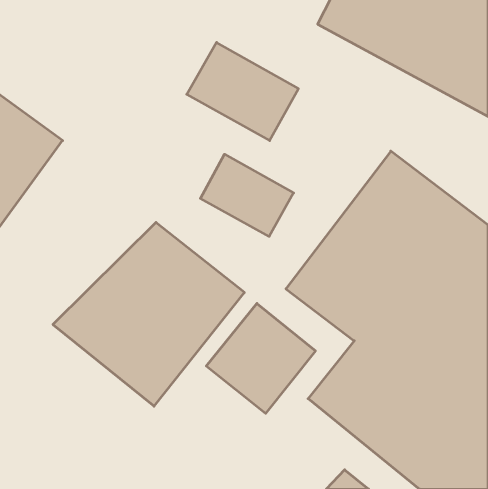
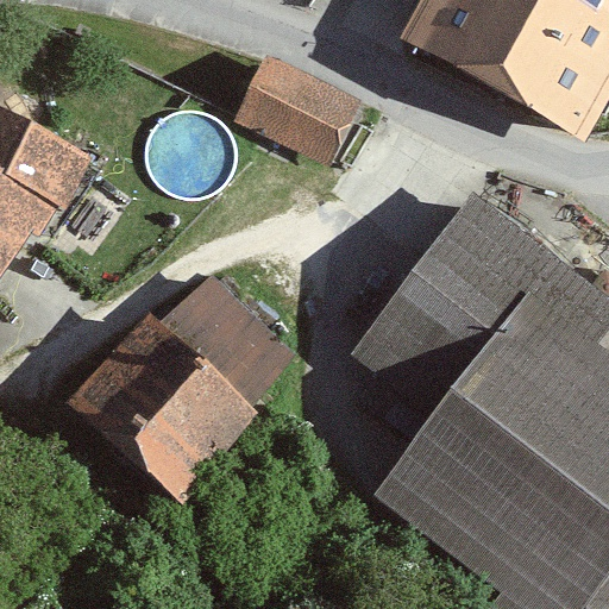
building: [200,154,294,236] -> none
building: [206,303,315,413] -> none

